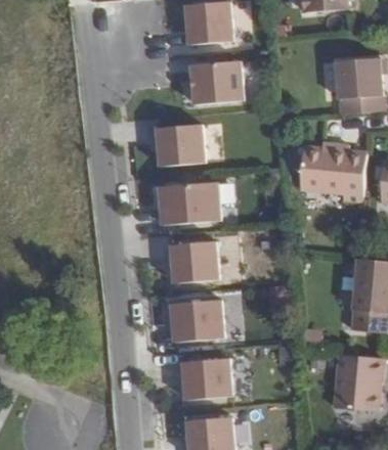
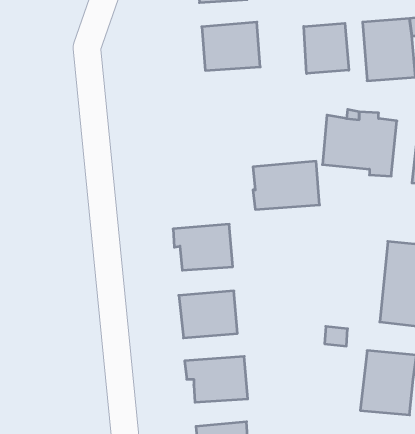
building: none -> [304,23,349,74]
building: [152,125,205,167] -> none
building: [161,182,220,225] -> [253,161,320,209]

